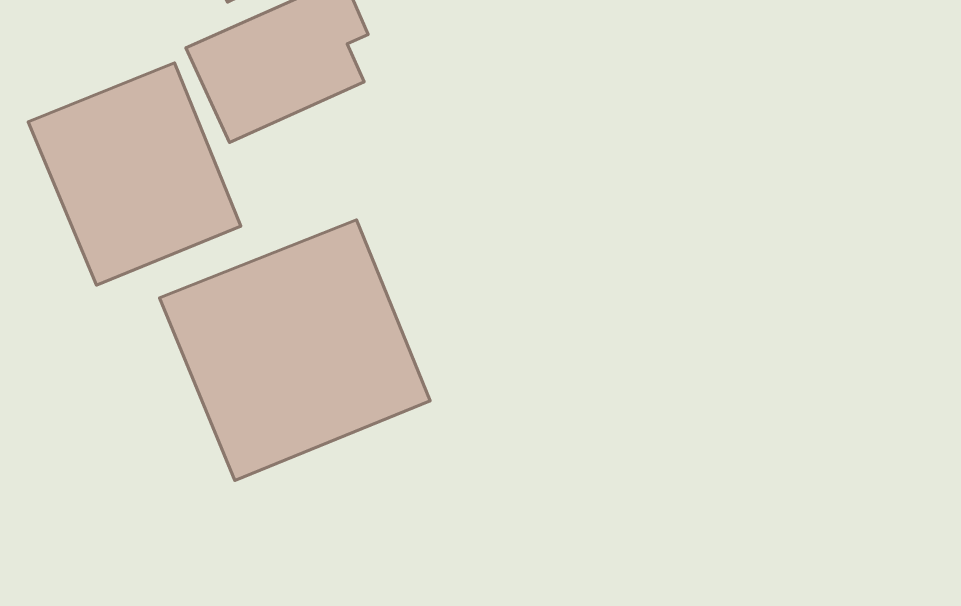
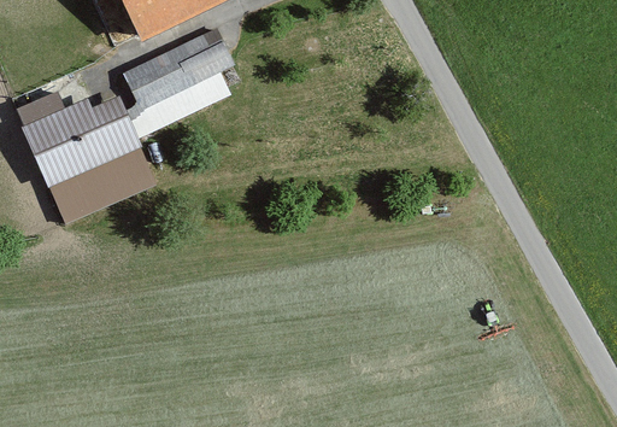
building: [160,220,430,480] -> none

